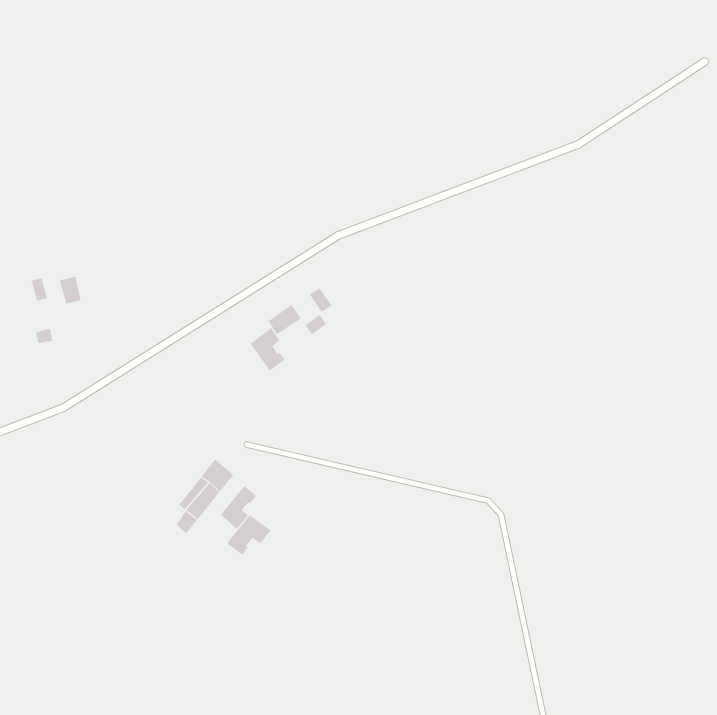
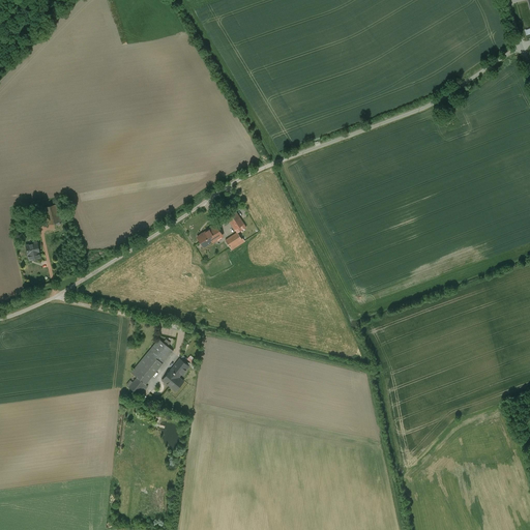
building: [250,327,285,372] -> none
building: [226,514,272,556] -> none

